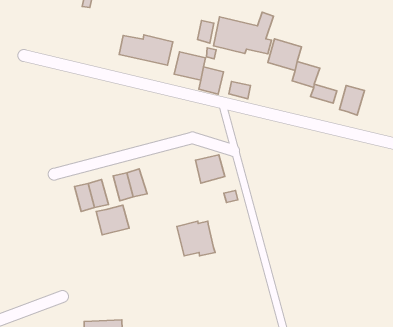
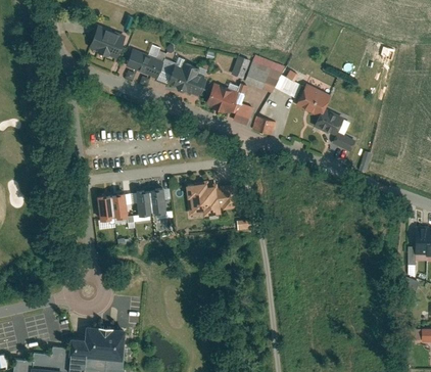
building: none -> [90,27,125,58]
building: none -> [128,50,162,79]
building: [340,86,365,115] -> none
building: [96,205,129,235] -> none
building: [177,221,215,256] -> [185,184,218,217]

